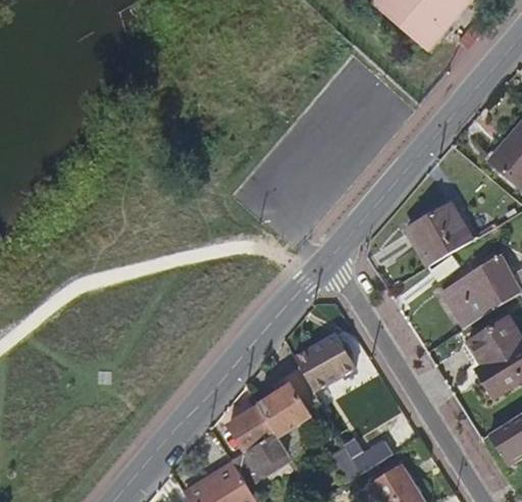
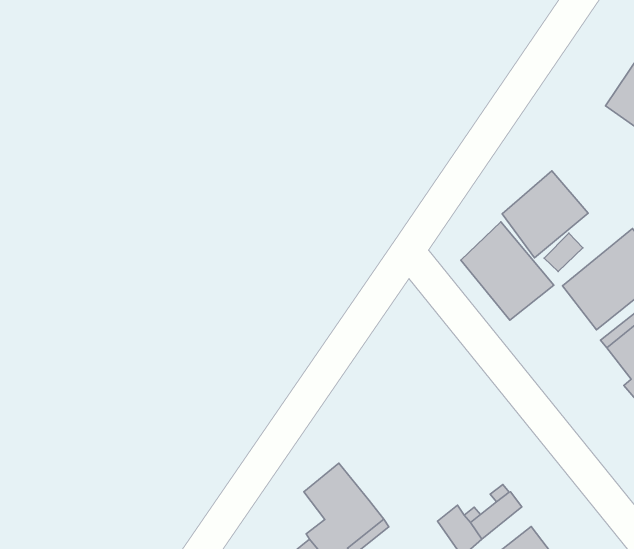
building: none -> [461,222,554,320]
building: [296,333,356,391] -> none
building: [260,387,309,435] -> none

